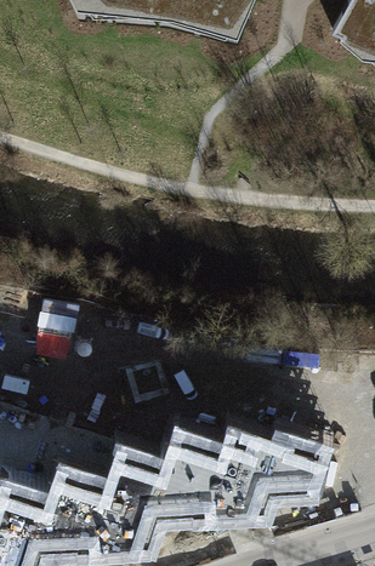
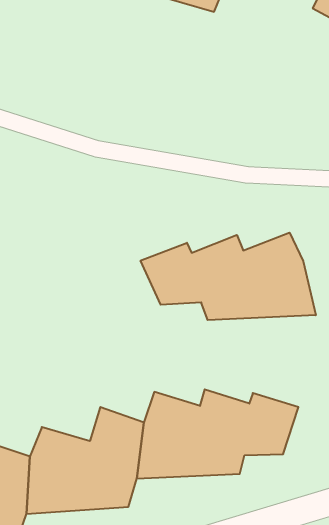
building: none -> [141,233,316,320]

